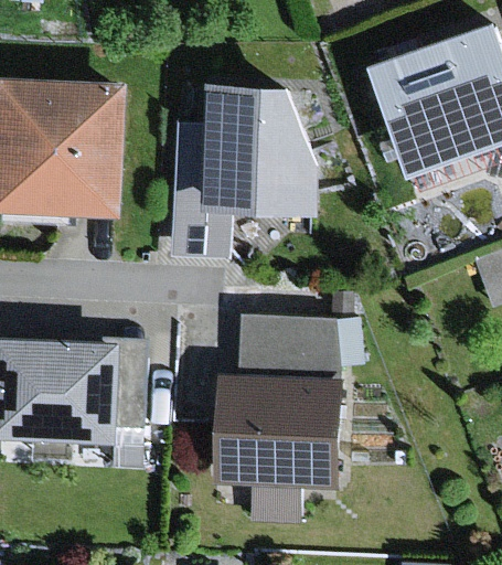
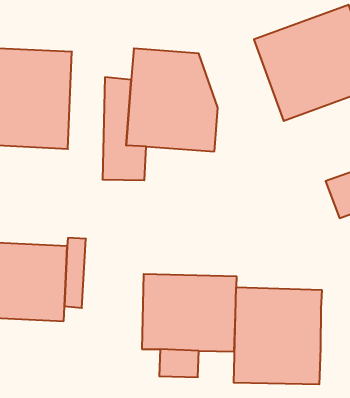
building: [235,313,362,371] -> none
building: none -> [234,287,322,384]

